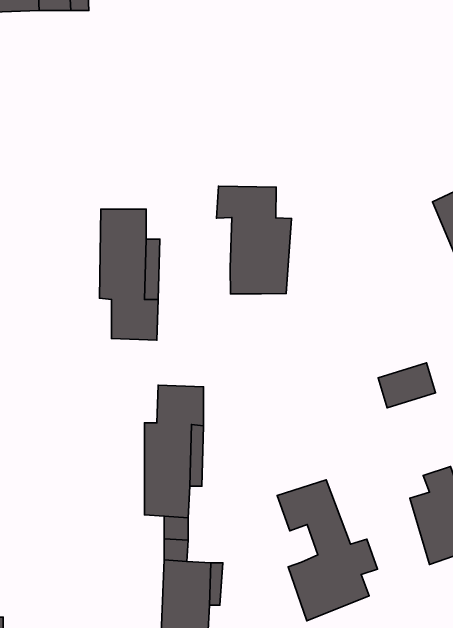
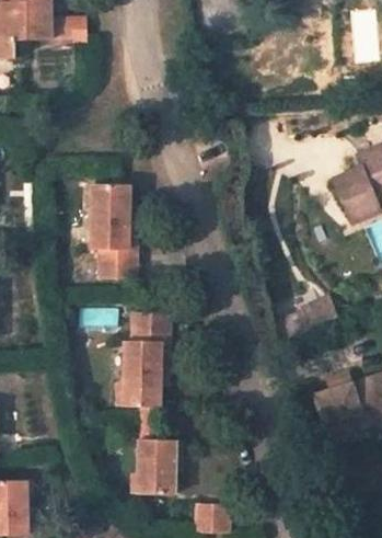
building: [216,186,291,294] -> none
building: [277,480,377,621] -> none

